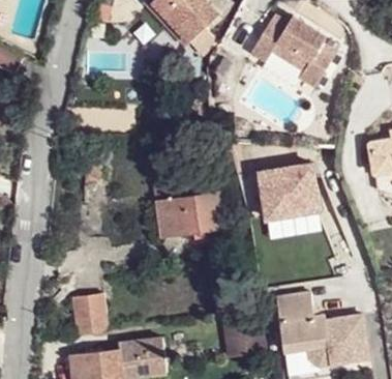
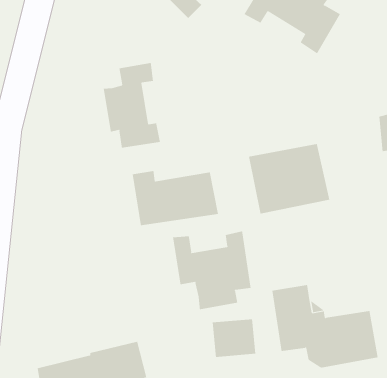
building: none -> [103,62,161,148]
building: none -> [173,230,251,310]
building: [68,295,105,334] -> none

